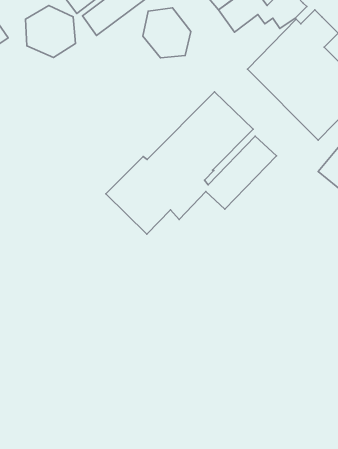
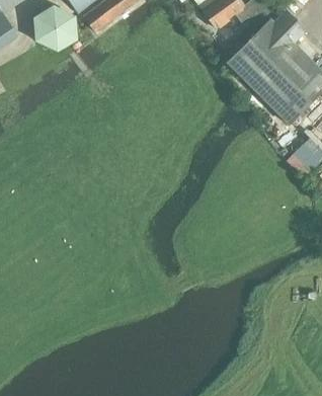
building: [143,8,191,58] -> none
building: [106,92,276,234] -> none

